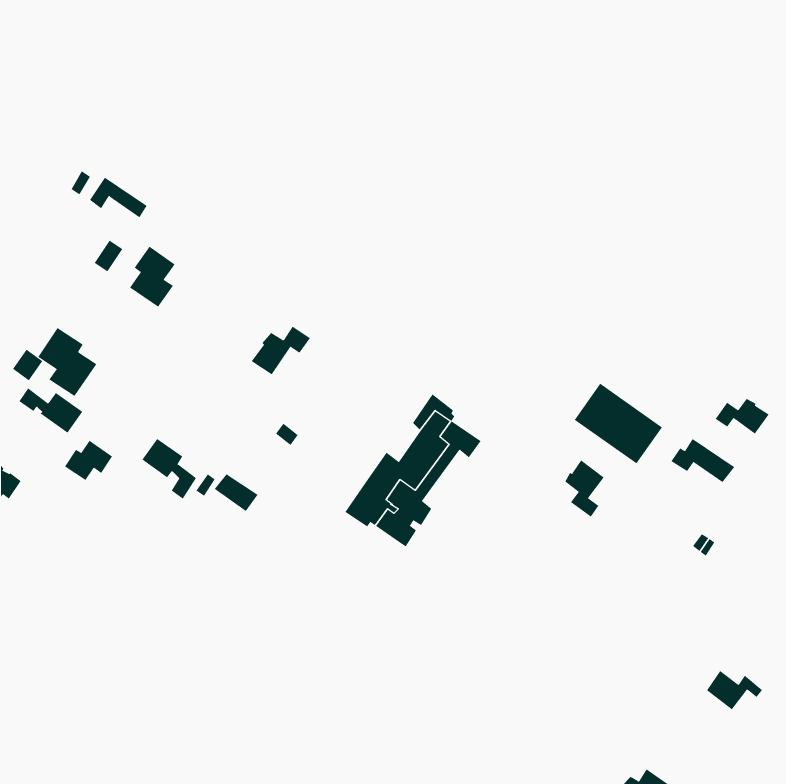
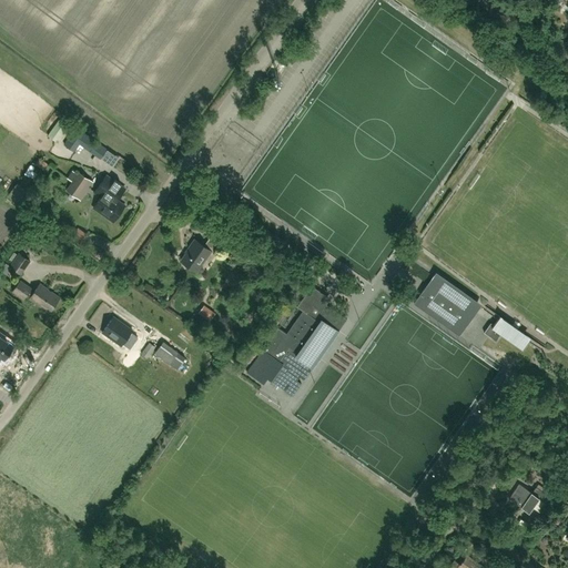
building: [38,327,97,397] -> none
building: [715,398,770,434] -> none
building: [64,440,113,481] -> none
building: [565,460,605,517] -> none

